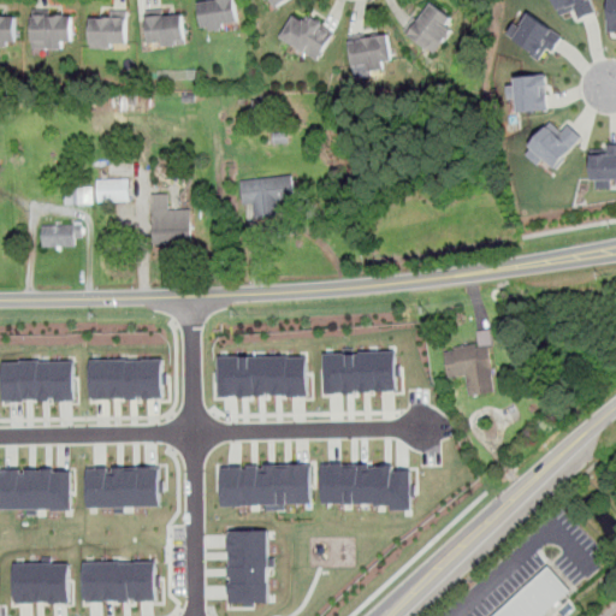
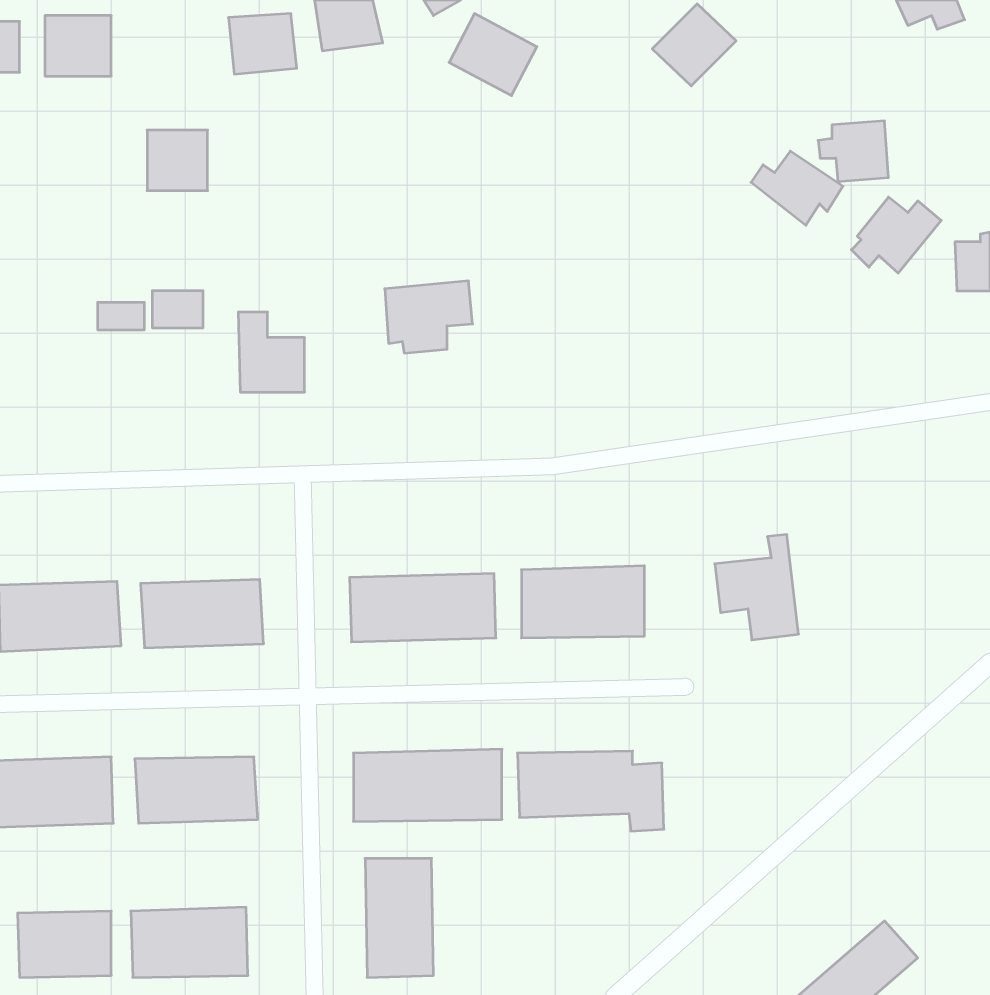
building: [87,11,124,48] -> [147,130,208,191]
building: [504,14,561,60] -> [751,151,843,225]
building: [344,31,390,73] -> none
building: [38,223,78,247] -> none

